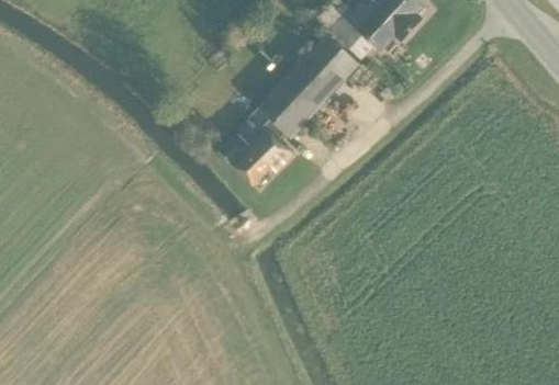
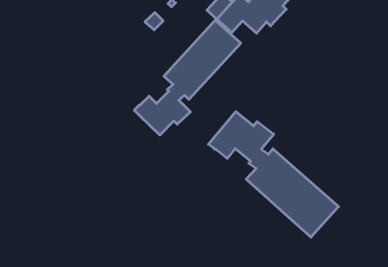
building: none -> [208,112,339,237]

